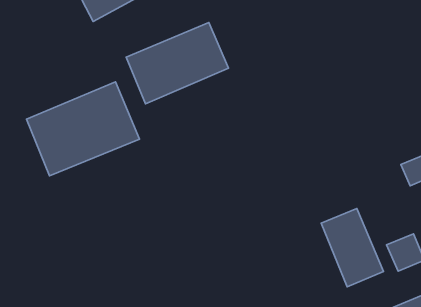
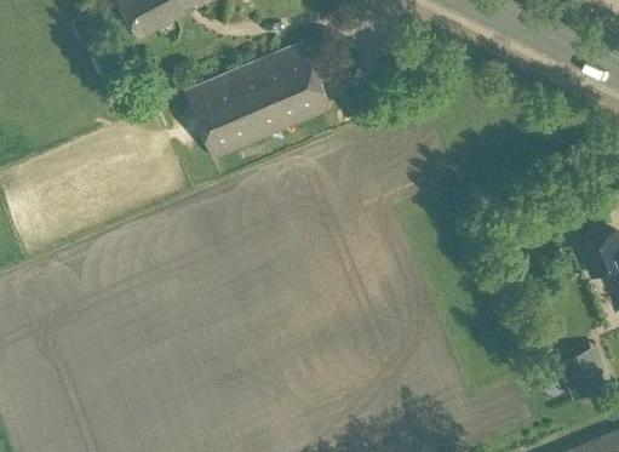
building: [26,82,140,176] -> none
building: [321,208,383,287] -> none

